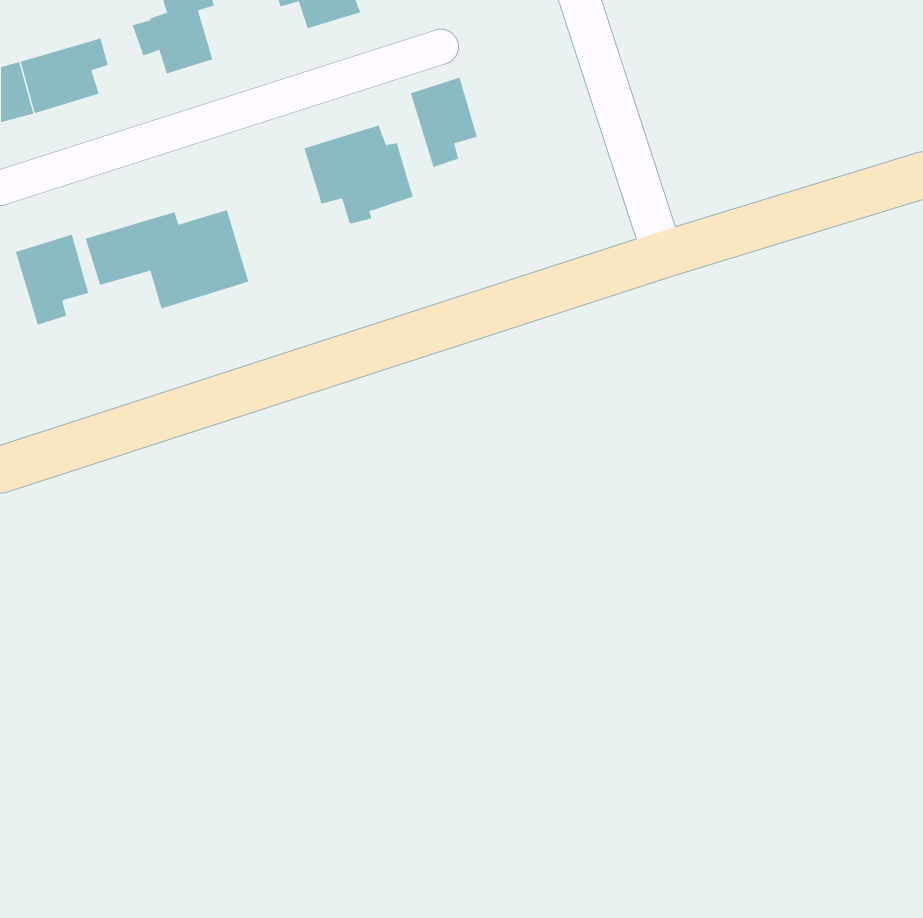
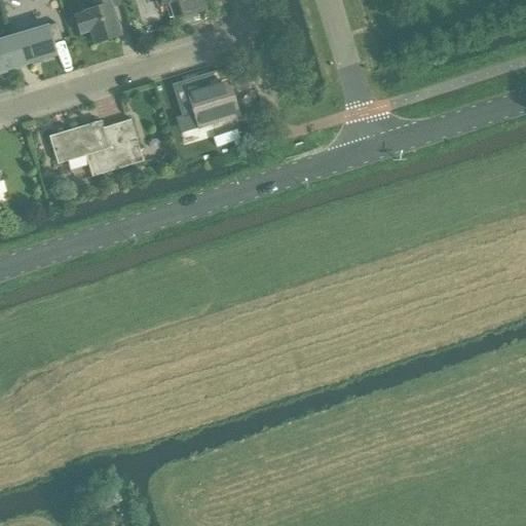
building: [410,77,478,168] -> none
building: [15,234,89,326] -> none

